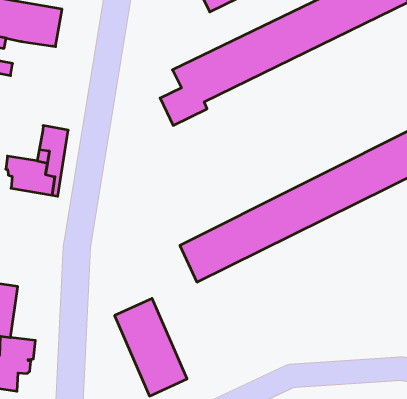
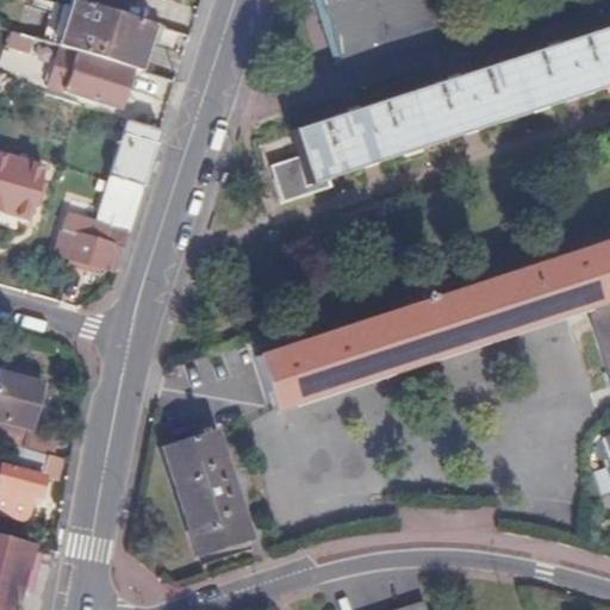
building: none -> [83,61,136,113]
building: none -> [108,133,154,186]

